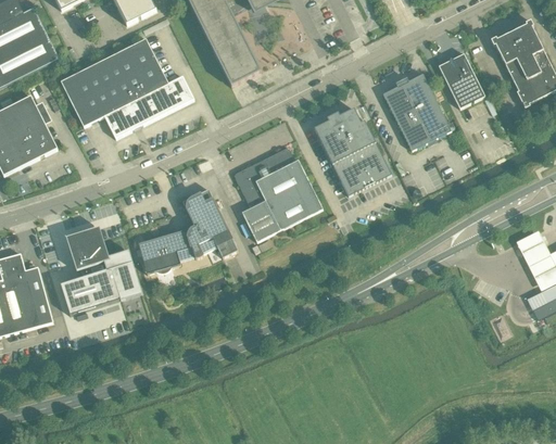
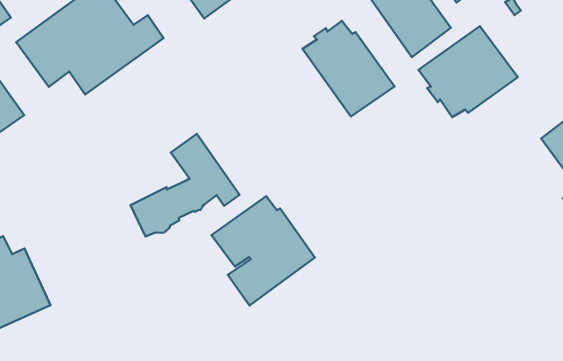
building: none -> [418,26,518,117]
building: [233,145,323,241] -> [212,196,315,306]
building: [61,227,143,314] -> none

